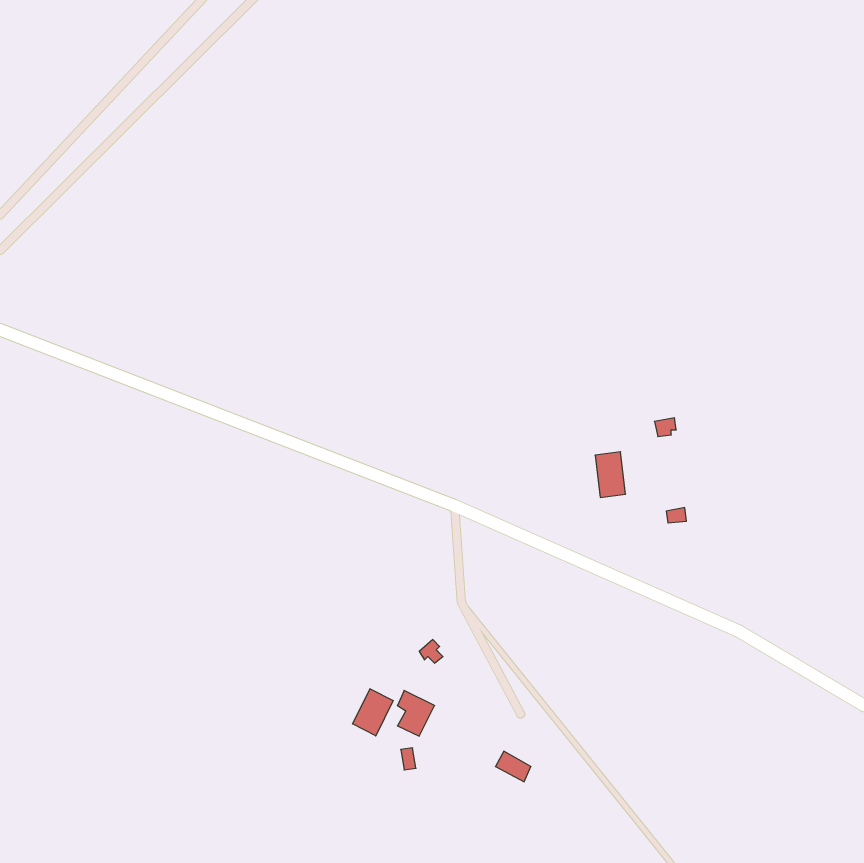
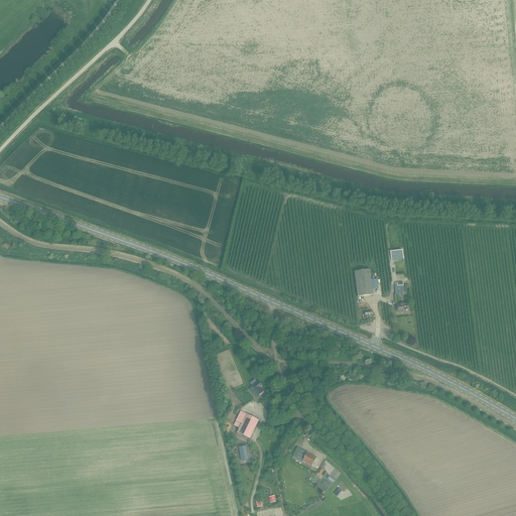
building: [353,689,393,736] -> none

